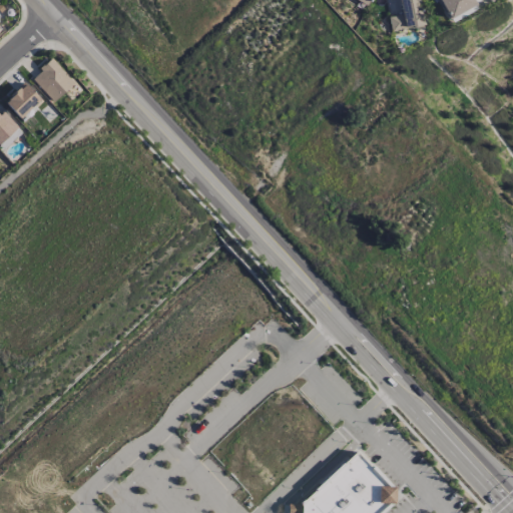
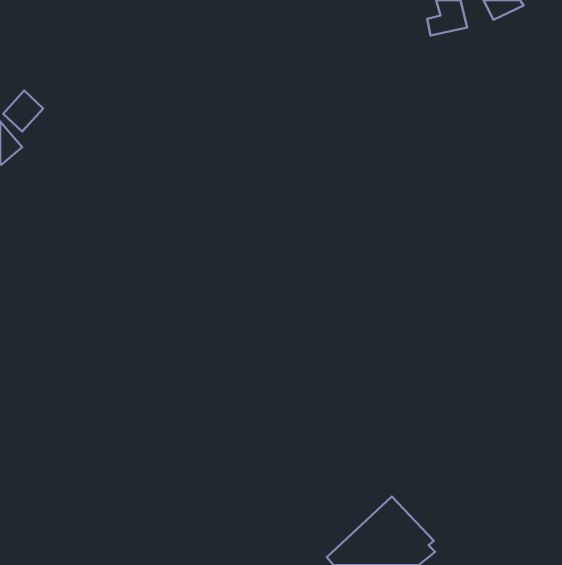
building: [31,58,75,103] -> none

